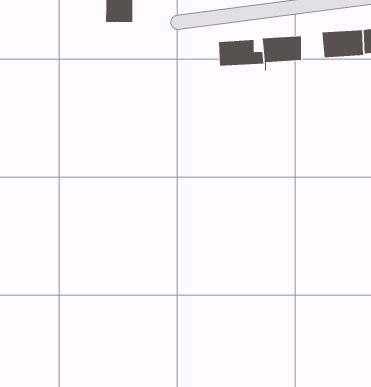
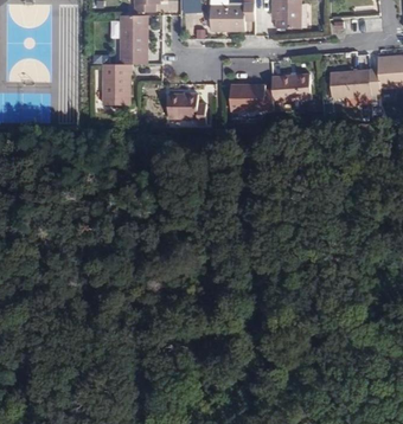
building: none -> [101,63,130,104]
building: none -> [166,94,204,126]

